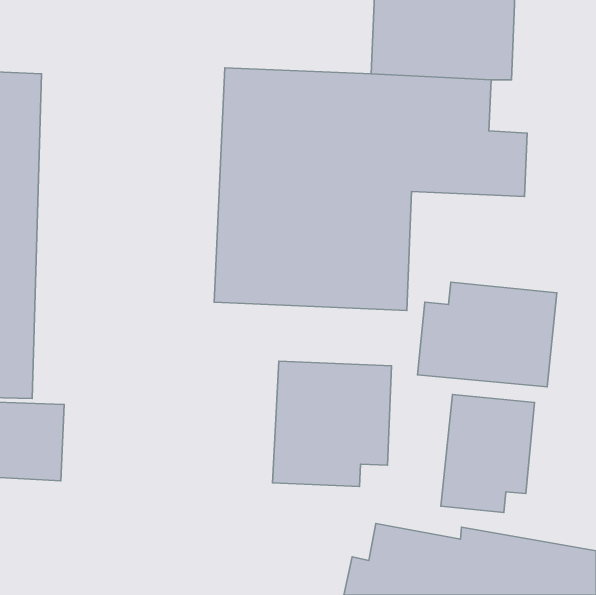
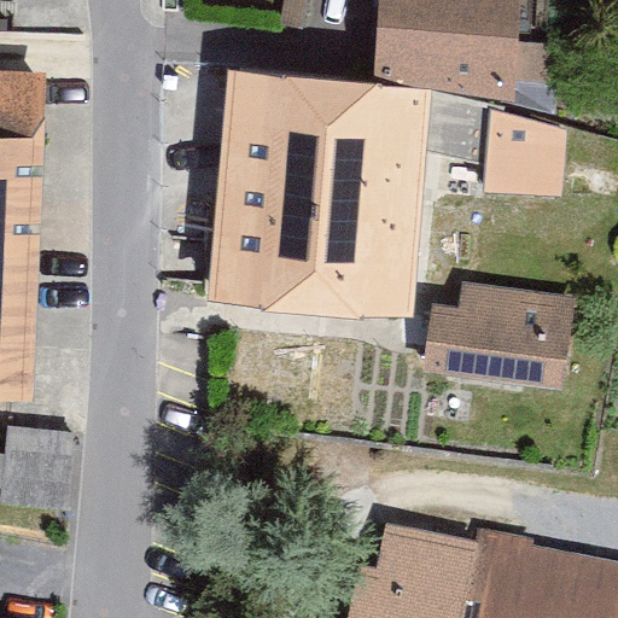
building: [273,361,391,486] -> none
building: [441,395,534,512] -> none

